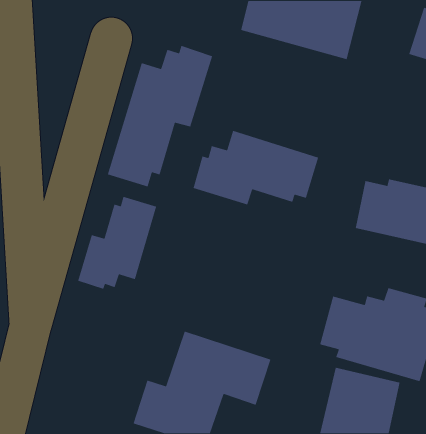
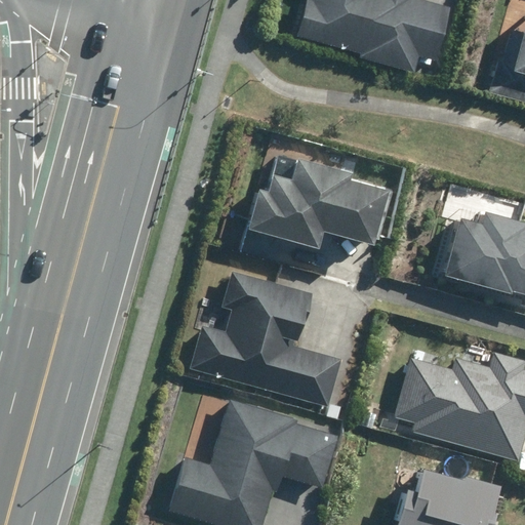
building: [107,45,213,188] -> none
building: [77,196,157,290] -> none
building: none -> [195,271,339,407]

